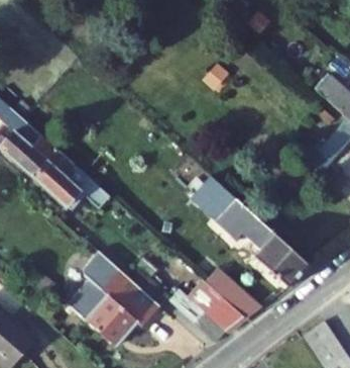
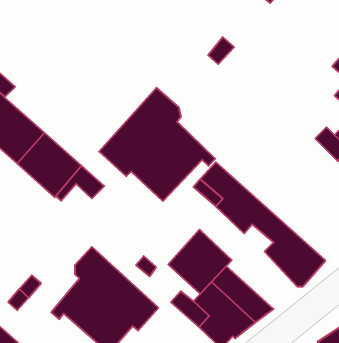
building: none -> [99,88,215,201]
building: none -> [168,230,232,294]

